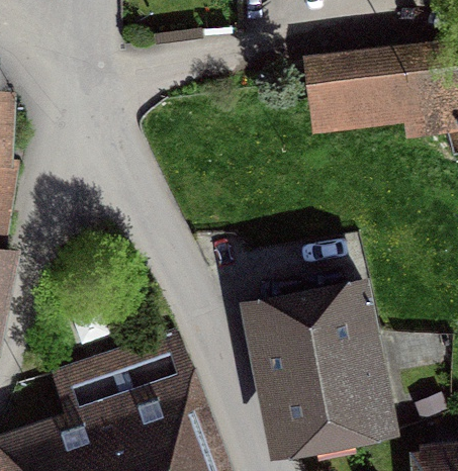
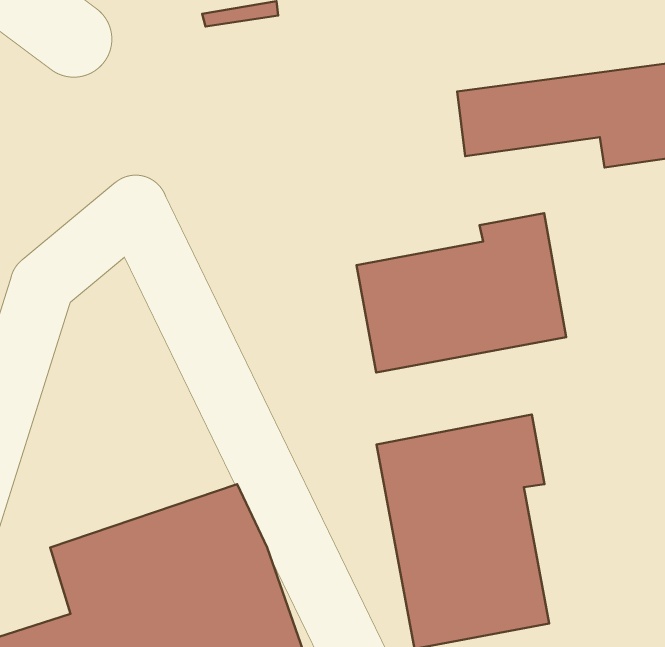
building: none -> [357,213,566,372]

